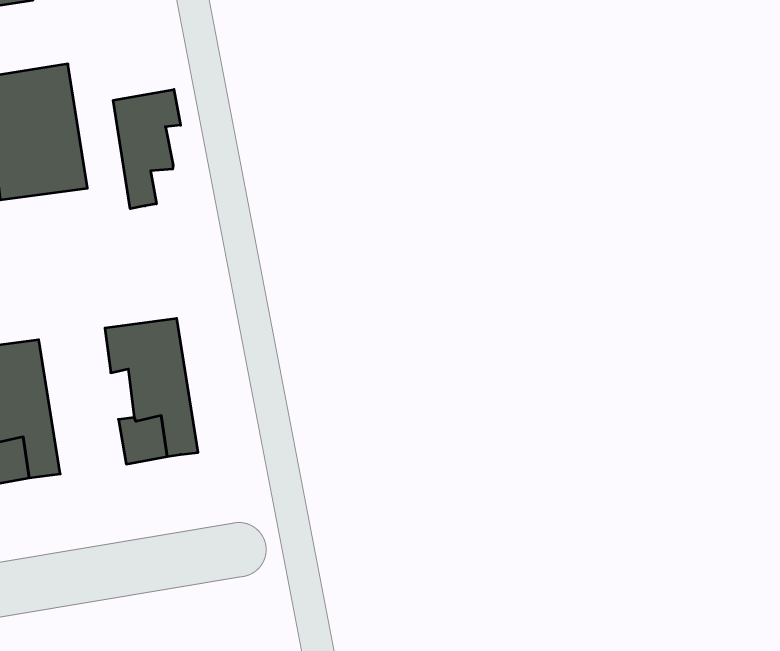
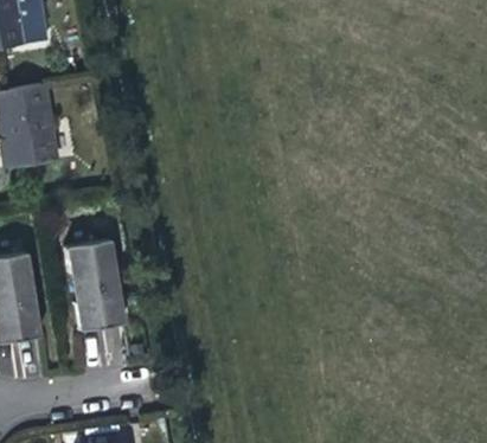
building: [113,89,181,209] -> none

